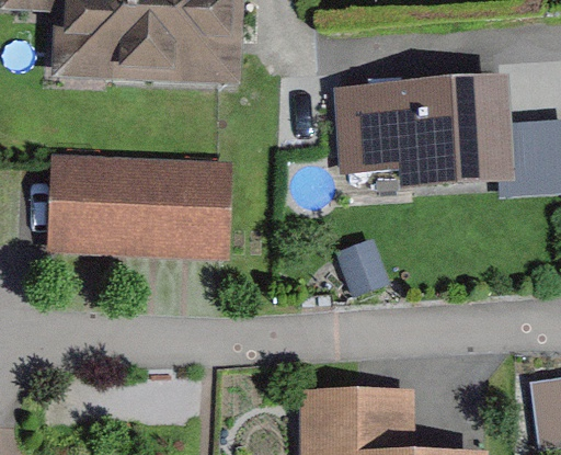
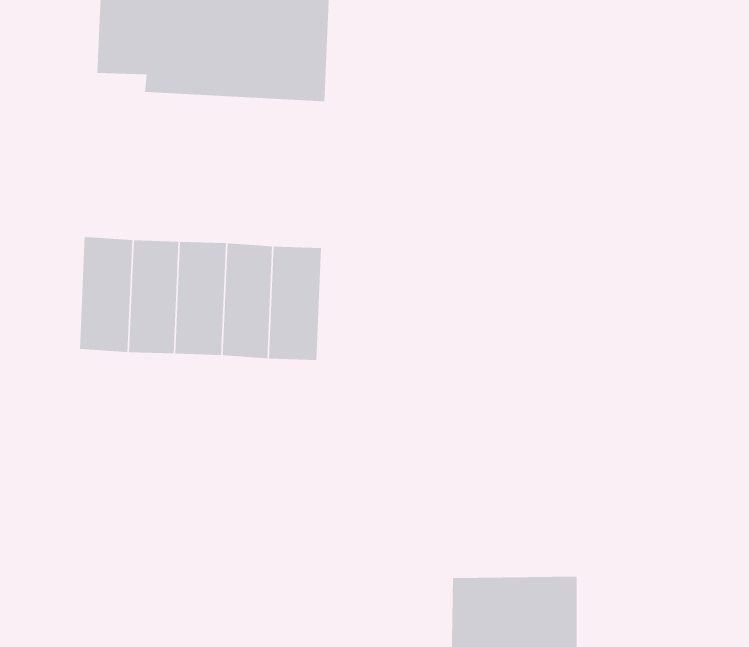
building: [341,90,503,180] -> none

